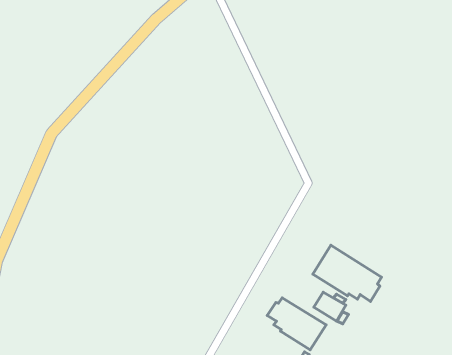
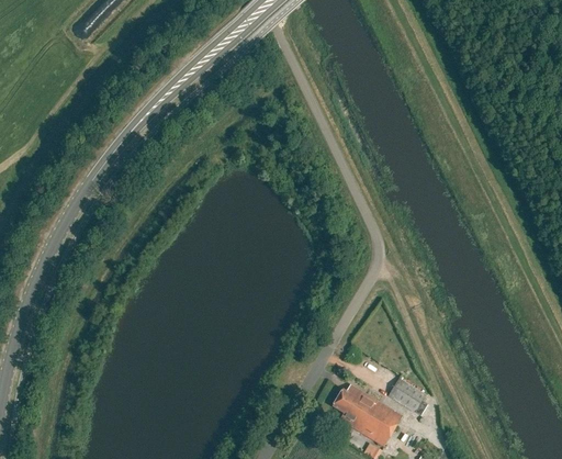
building: [313,245,381,301] -> none

